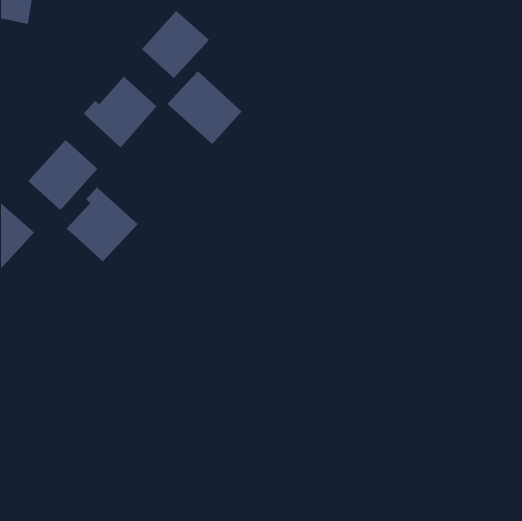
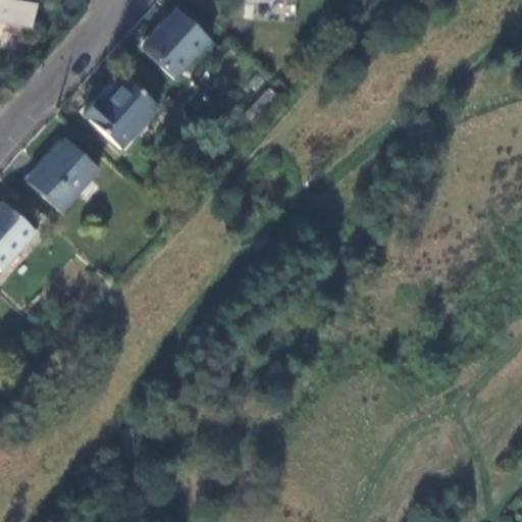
building: [167,71,243,145] -> none
building: [66,187,139,262] -> none

